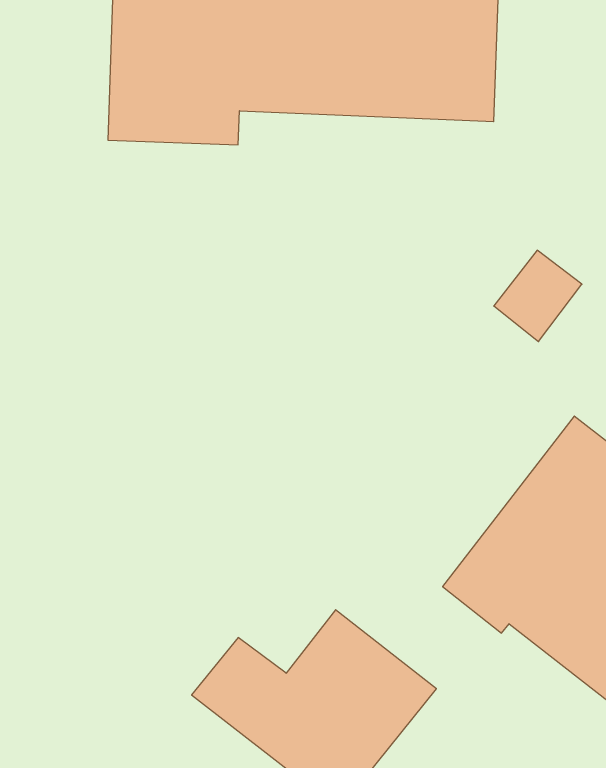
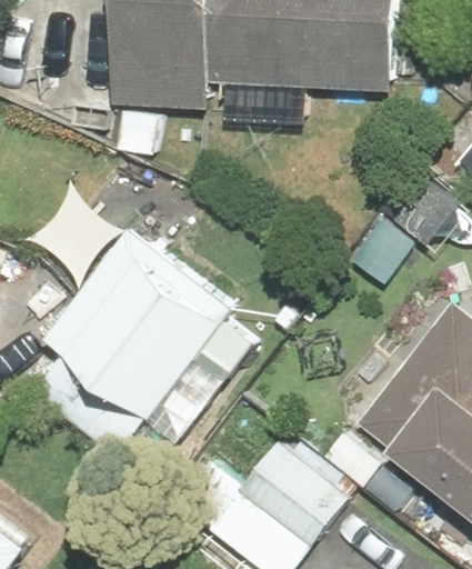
building: none -> [43,227,234,419]

